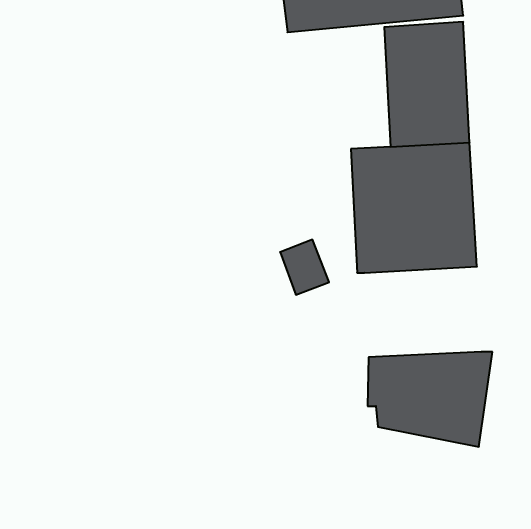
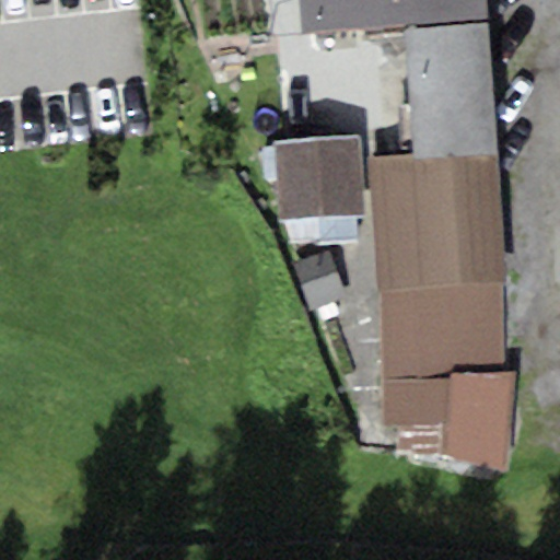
building: none -> [273,133,364,243]
building: none -> [384,280,506,375]

